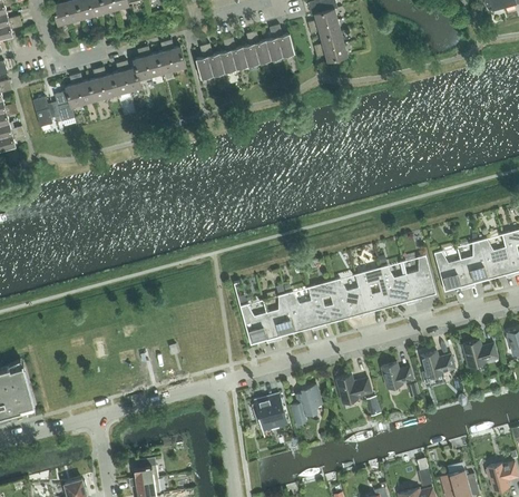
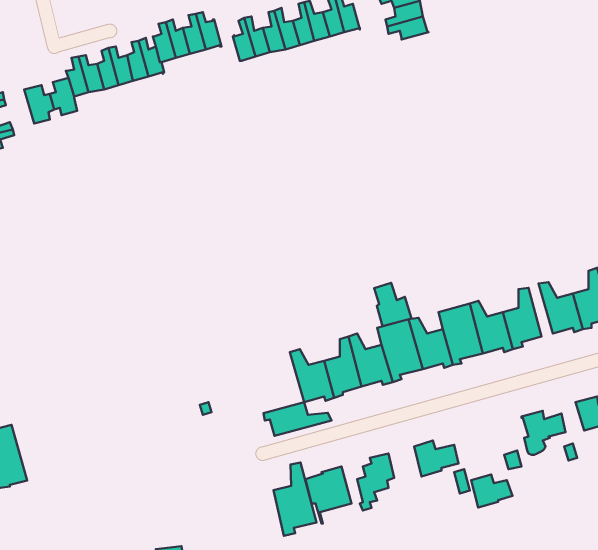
building: none -> [374,283,411,326]
building: none -> [263,402,332,436]
building: [381,362,413,388] -> [471,475,512,507]
building: none -> [274,463,316,536]

